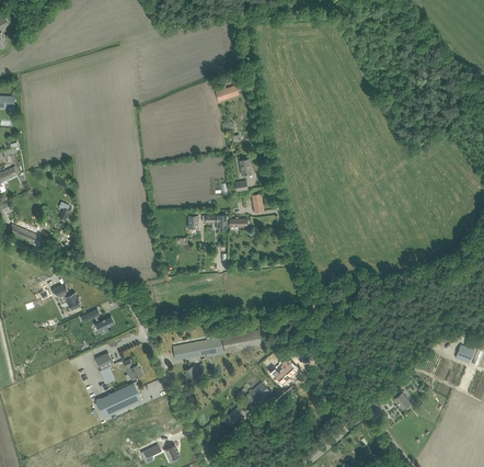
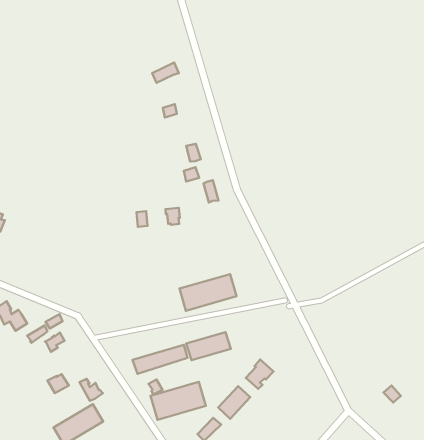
building: none -> [179,274,237,311]
building: none -> [150,382,206,420]

